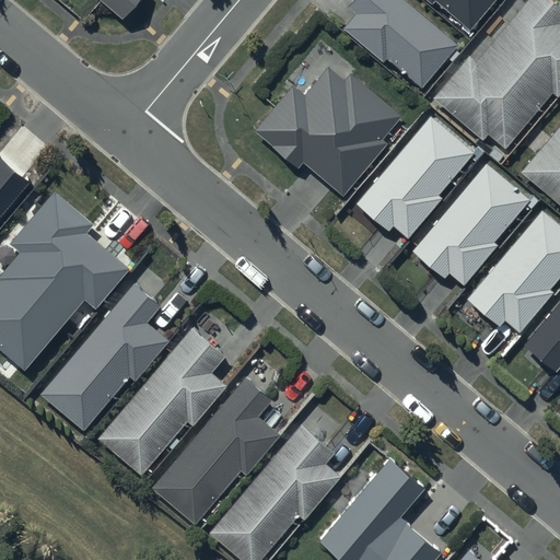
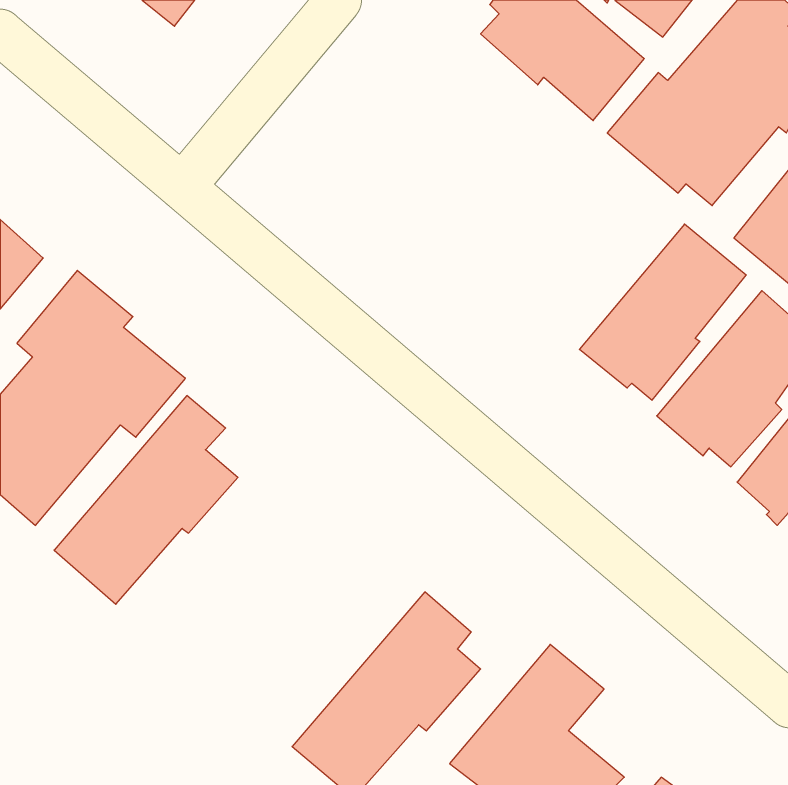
building: [255,70,404,199] -> none
building: [351,113,474,240] -> none
building: [96,326,226,476] -> none
building: [151,376,279,525] -> none

